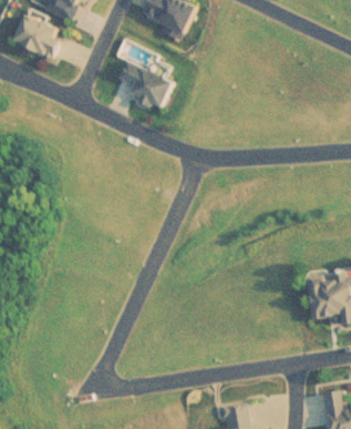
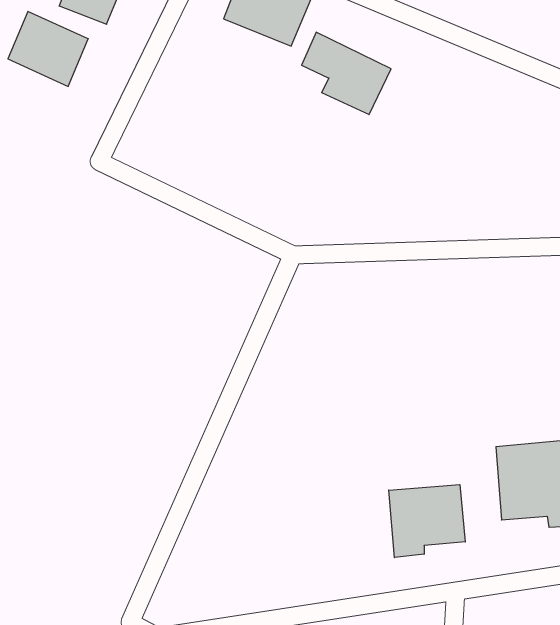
building: [118,60,173,110] -> [302,32,391,115]
building: none -> [389,485,465,558]

